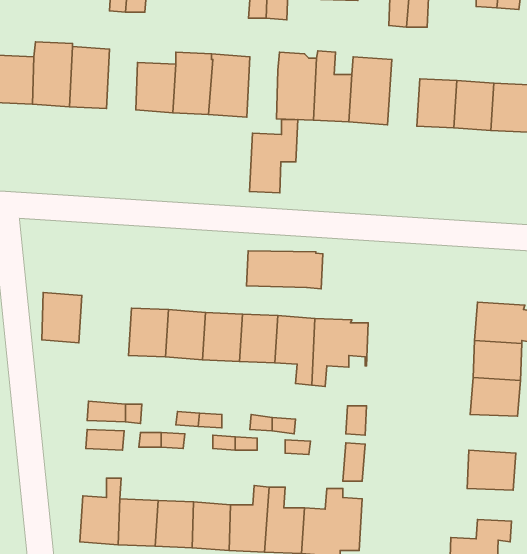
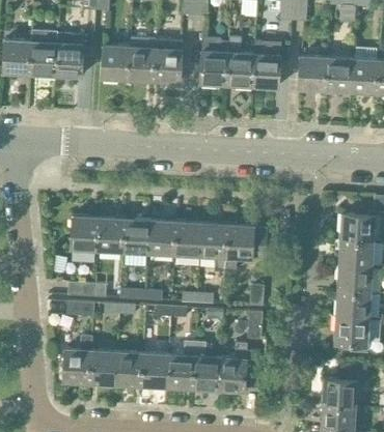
building: [250,120,298,193] -> none
building: [247,251,323,289] -> none
building: [42,292,82,343] -> [71,215,99,251]
building: none -> [335,292,369,319]

